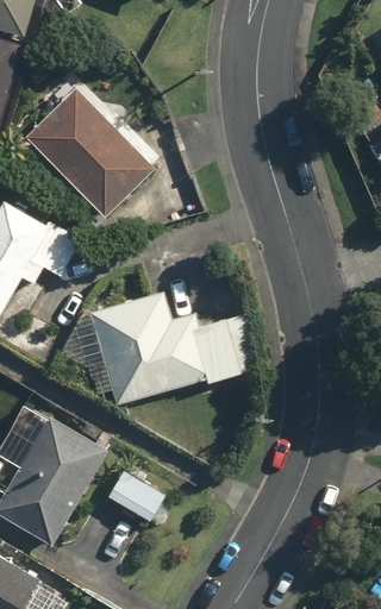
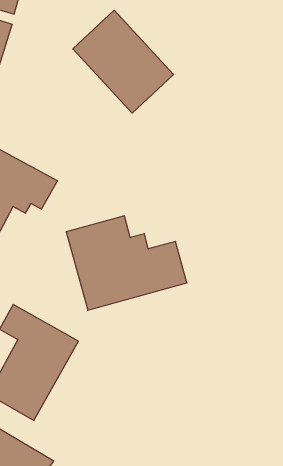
building: [26,89,154,219] -> [73,10,174,113]
building: [101,467,165,526] -> none

